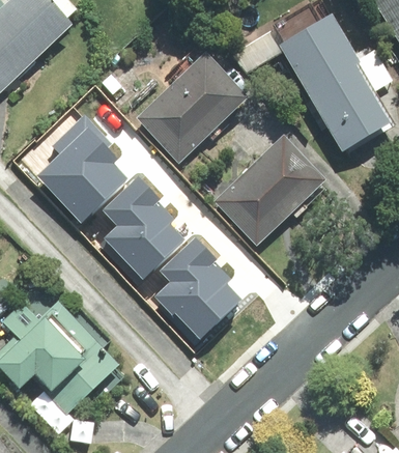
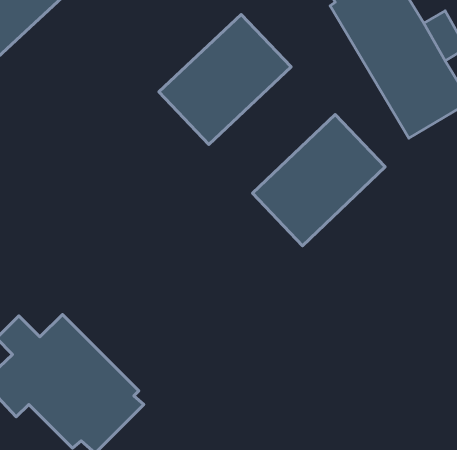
building: [37,116,126,222] -> none
building: [104,177,184,279] -> none
building: [158,236,239,339] -> none

